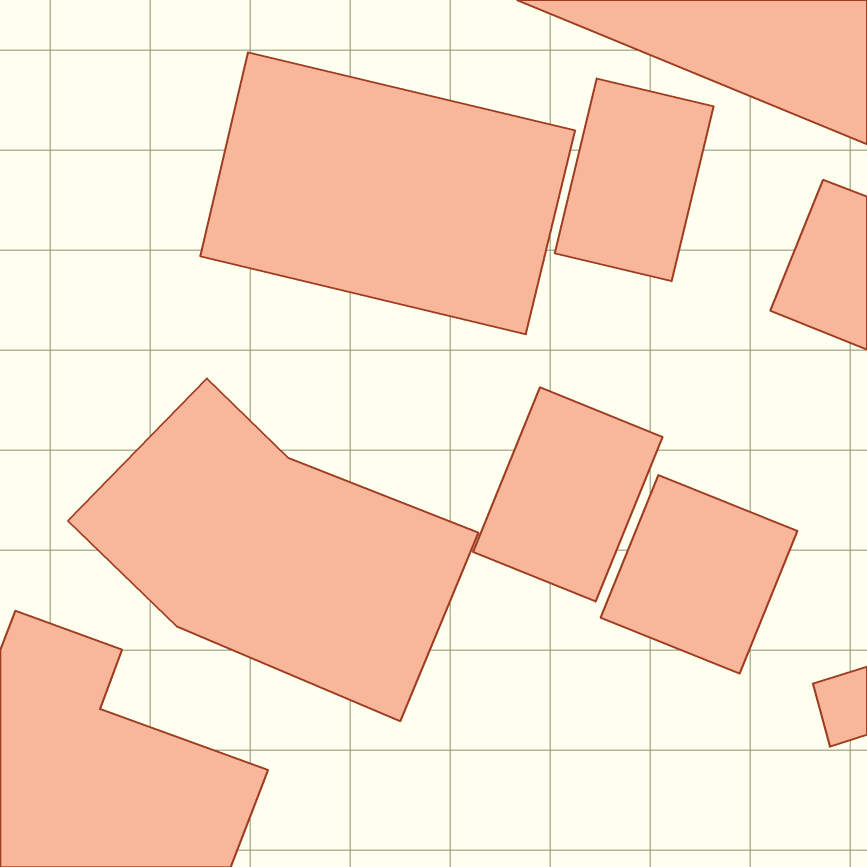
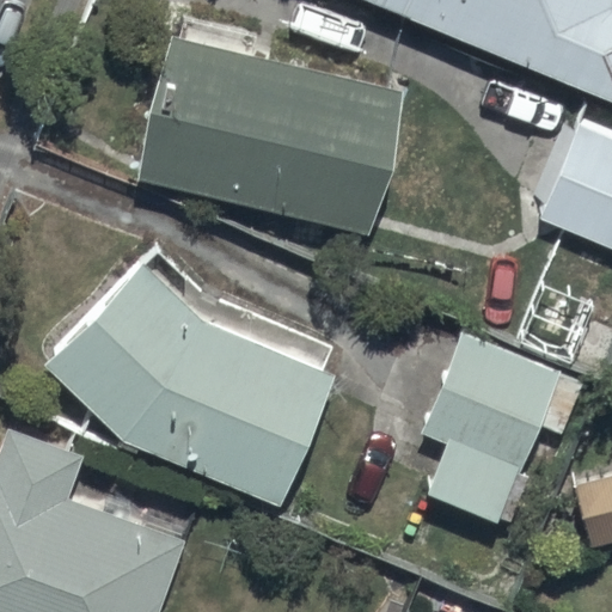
building: [555,78,714,281] -> none
building: [473,387,662,602] -> none

